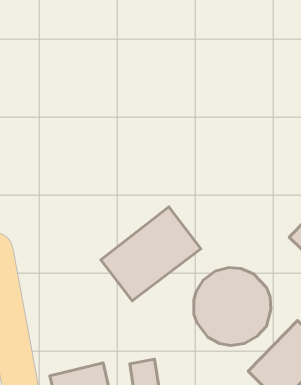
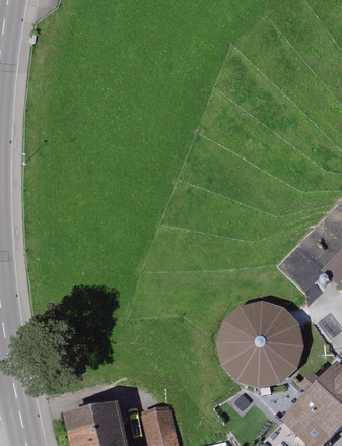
building: [101,207,201,301] -> none

